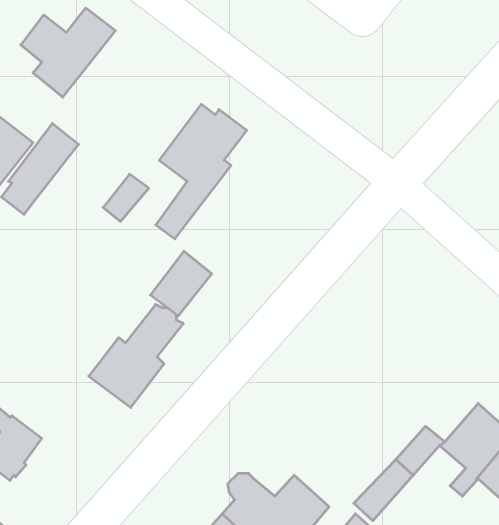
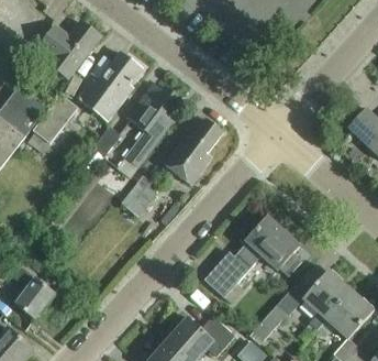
building: none -> [78,52,142,122]
building: [89,304,183,408] -> [164,120,223,185]
building: none -> [204,217,302,297]

